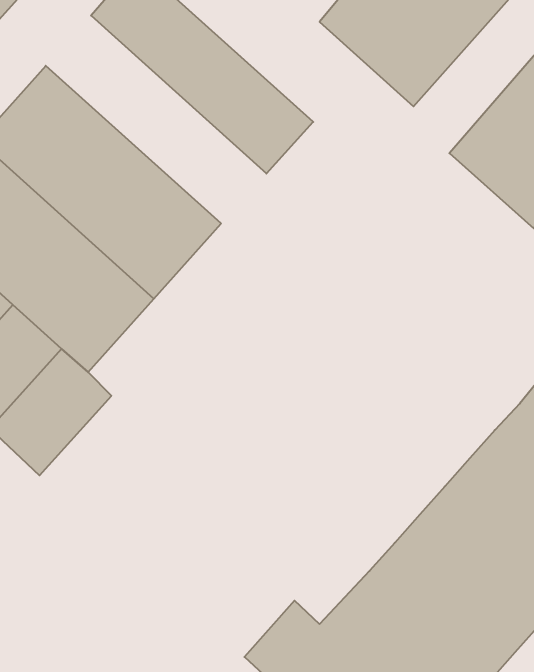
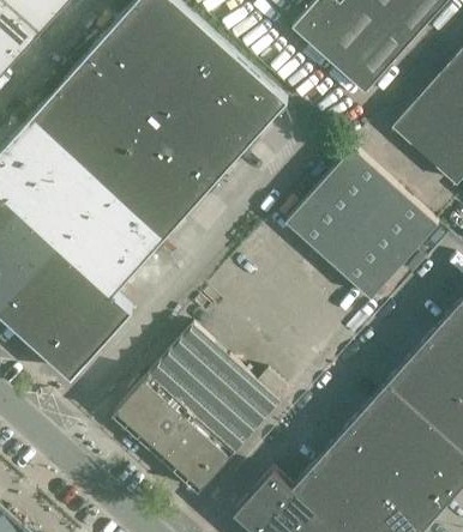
building: none -> [82,22,251,181]
building: none -> [284,149,438,301]
building: none -> [112,326,288,494]

